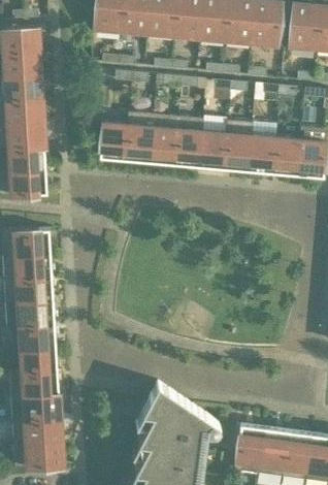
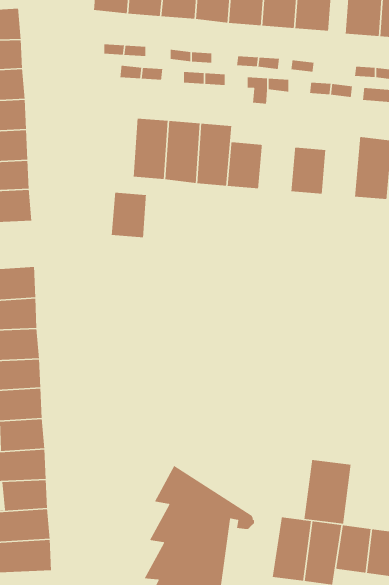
building: [100,112,129,159] -> [111,179,148,238]
building: [224,121,253,170] -> none
building: [273,127,302,174] -> none
building: none -> [303,459,352,524]

